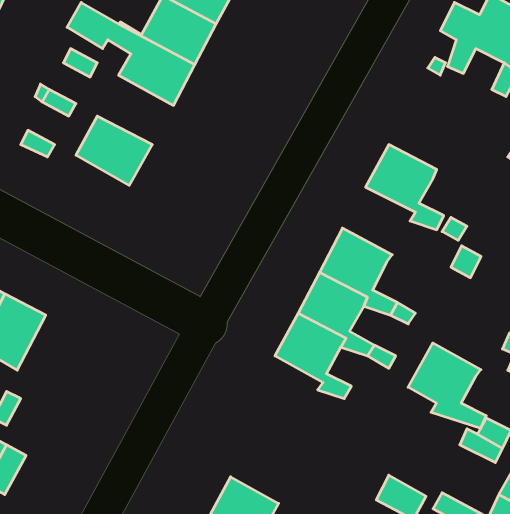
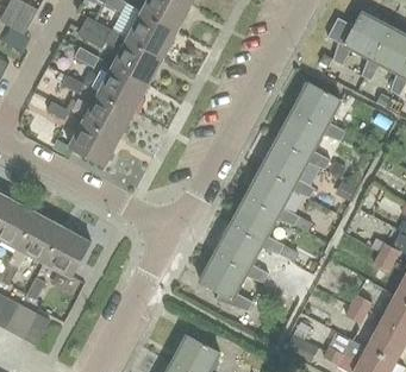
building: none -> [98,65,149,112]
building: none -> [293,82,345,140]
building: none -> [68,119,119,166]
building: none -> [262,140,314,197]
building: none -> [44,226,92,277]
building: [408,343,486,428] -> [200,253,252,310]

